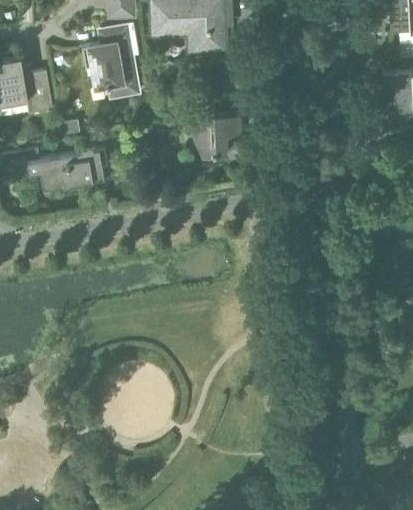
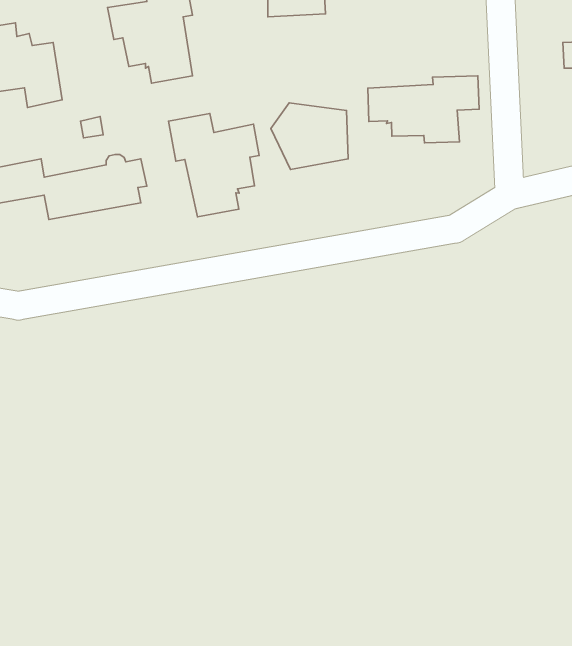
building: none -> [368,76,479,143]
building: none -> [168,113,259,217]

